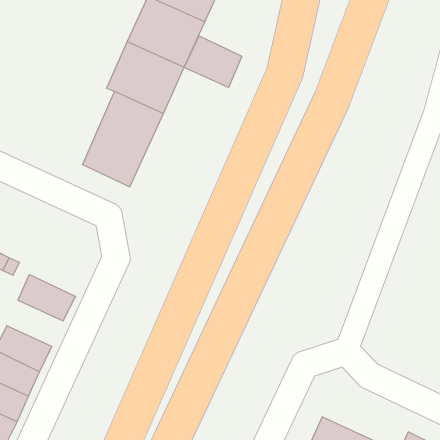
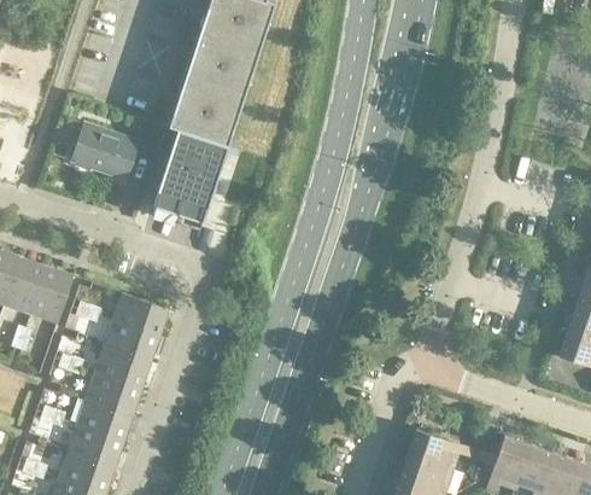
building: [184,36,242,87] -> none
building: none -> [70,118,165,180]
building: none -> [111,293,168,337]
building: none -> [94,346,150,389]

